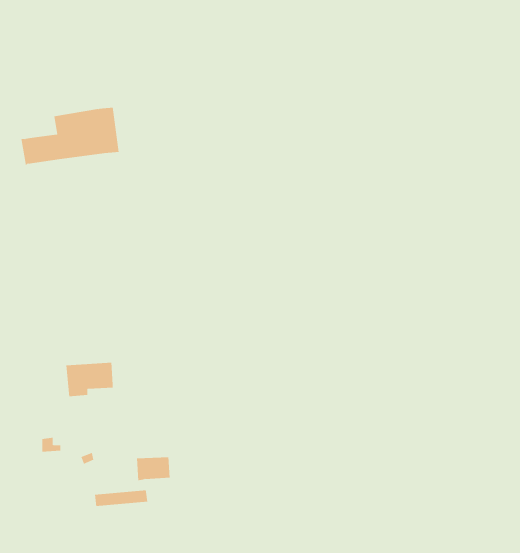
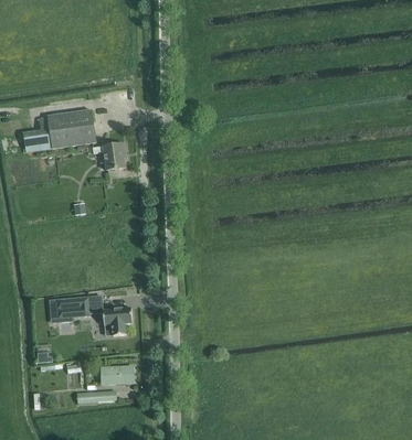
building: none -> [103,142,125,170]
building: none -> [102,307,131,335]

